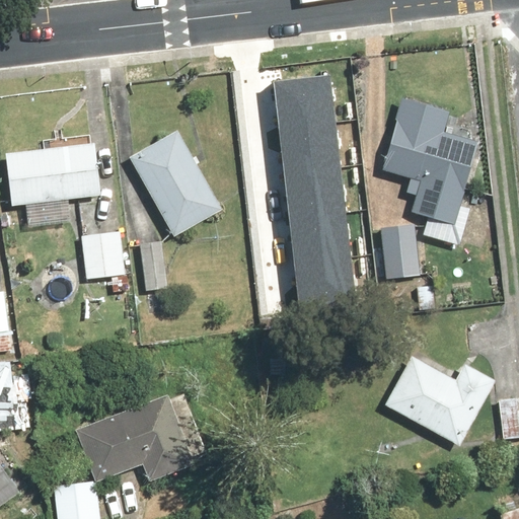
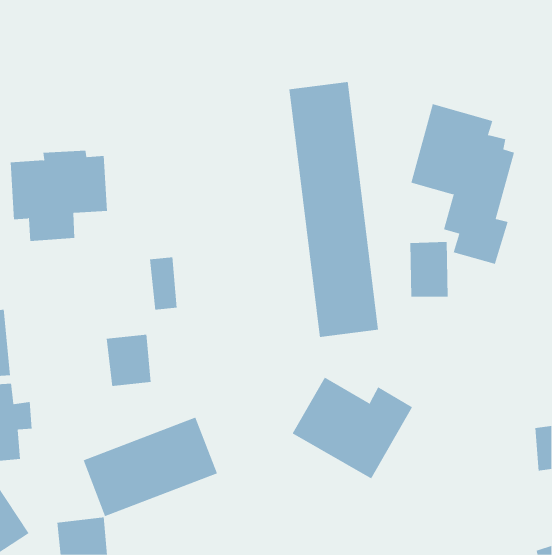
building: [129,130,222,235] -> none
building: [82,231,125,280] -> [106,334,152,386]
building: [385,352,498,447] -> [292,377,413,479]

